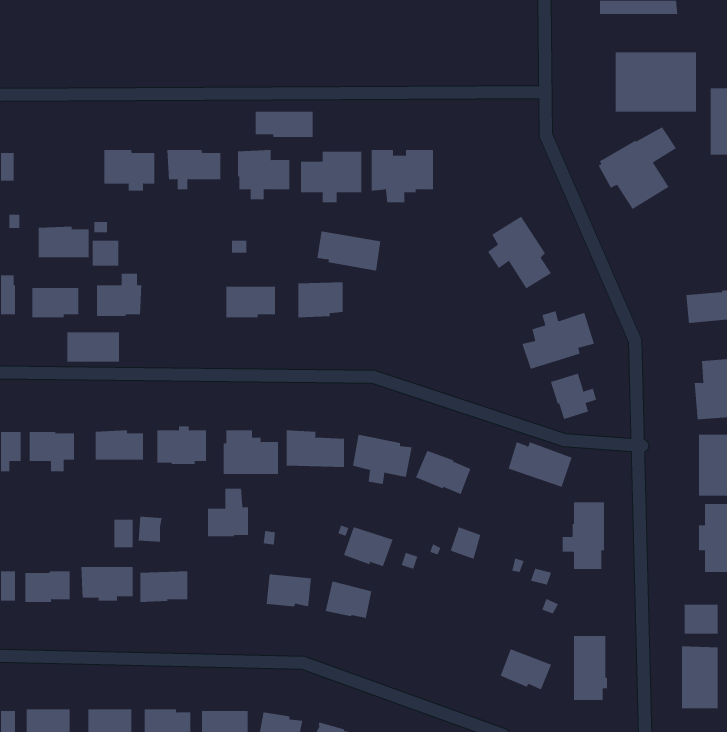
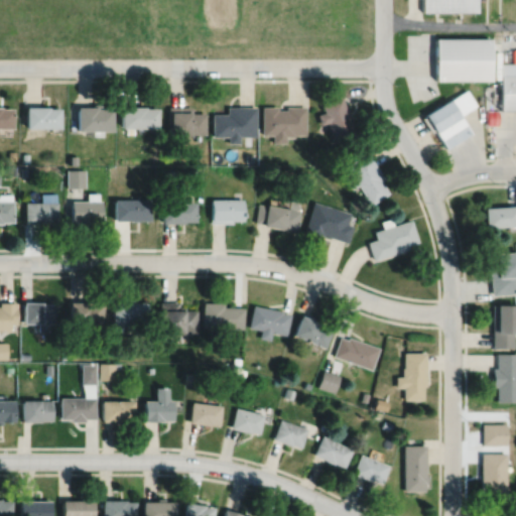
building: [255,111,313,138] -> none
building: none -> [321,96,360,143]
building: [38,226,90,258] -> [26,107,62,129]
building: [316,231,381,271] -> [258,205,303,233]
building: none -> [306,203,357,244]
building: [67,332,120,362] -> [116,201,153,222]
building: [550,373,597,420] -> none
building: [508,442,572,488] -> [337,339,382,371]
building: [207,488,249,537] -> [146,389,175,423]
building: [343,526,393,567] -> [275,421,310,449]
building: none -> [315,437,356,470]

